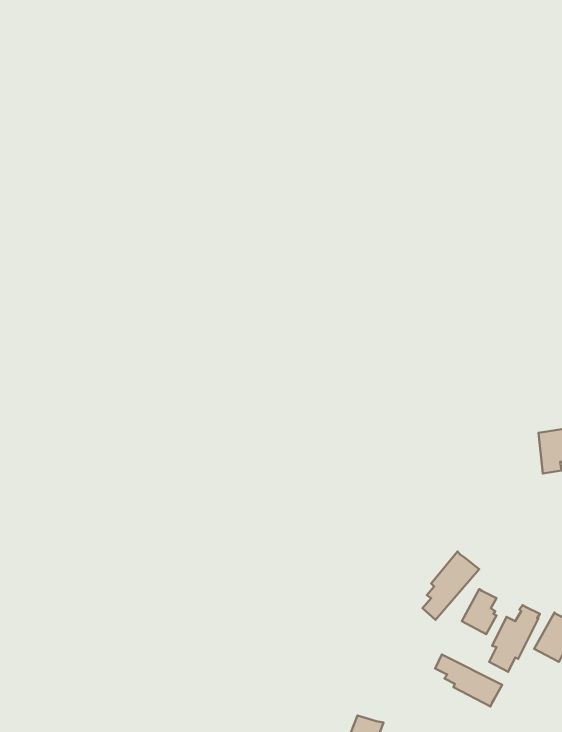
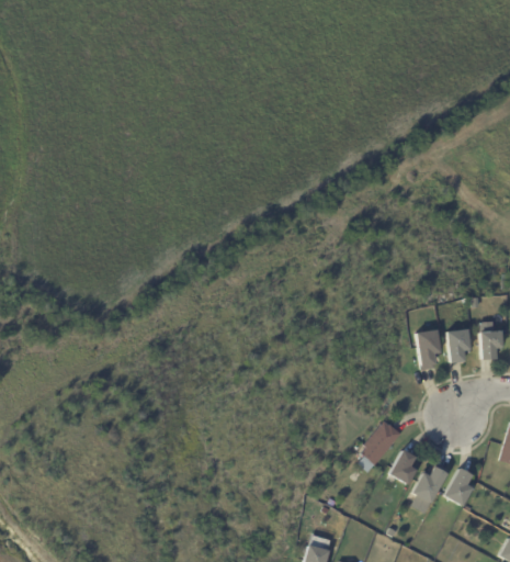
building: none -> [417,328,442,369]
building: [435,654,502,706] -> none

